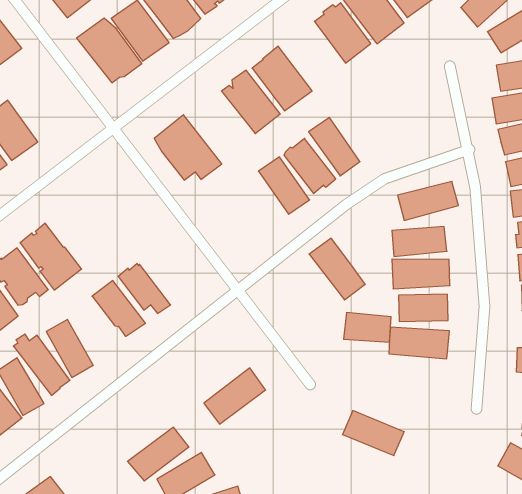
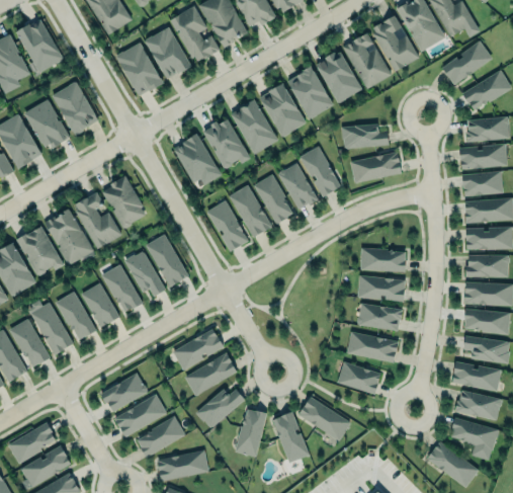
building: none -> [288,64,334,118]
building: none -> [51,79,100,137]
building: none -> [341,124,389,148]
building: none -> [202,118,251,168]
building: none -> [102,175,146,228]
building: [398,181,458,220] -> [351,154,402,182]
building: none -> [206,200,248,251]
building: none -> [74,192,122,249]
building: [309,238,365,300] -> [228,184,272,238]
building: none -> [149,235,186,287]
building: none -> [82,283,119,328]
building: [344,313,391,342] -> [338,363,380,393]
building: none -> [173,329,225,371]
building: none -> [99,373,147,411]
building: none -> [194,388,245,427]
building: none -> [273,411,310,463]
building: none -> [236,409,266,458]

